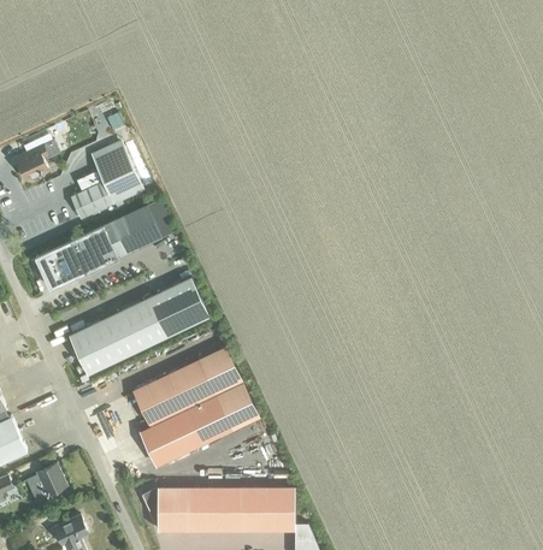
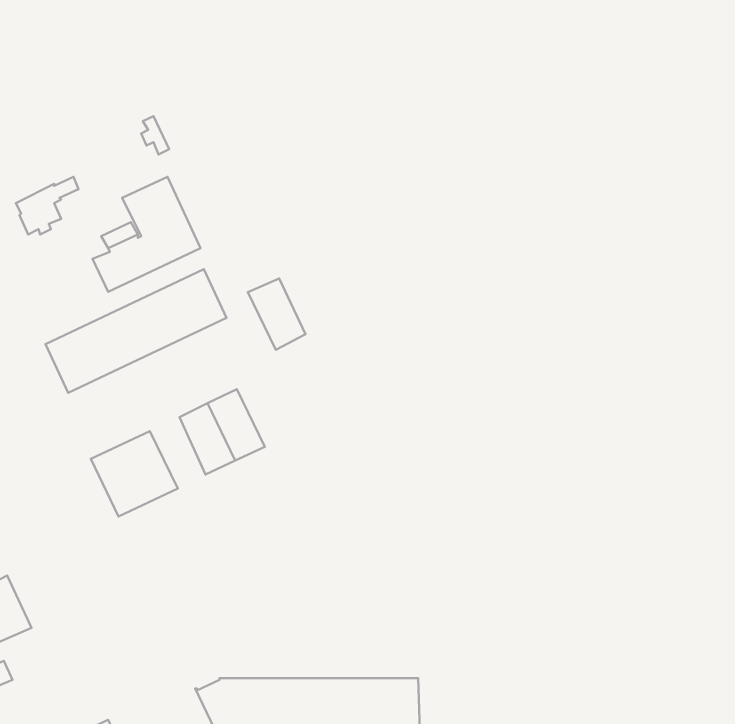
building: [169,278,208,327] -> [248,278,305,350]
building: [108,307,147,356] -> none
building: [131,347,260,467] -> none
building: [36,465,66,496] -> none

